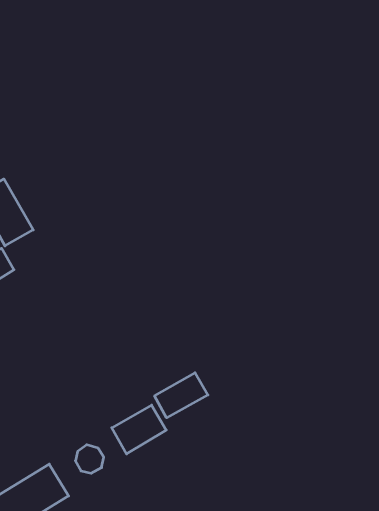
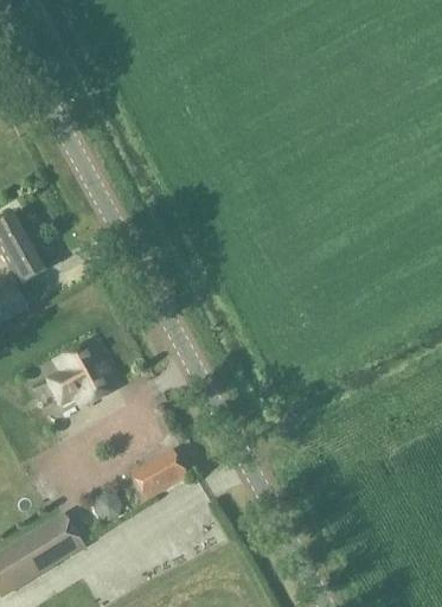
building: none -> [45,340,115,407]
building: [155,373,208,418] -> none

